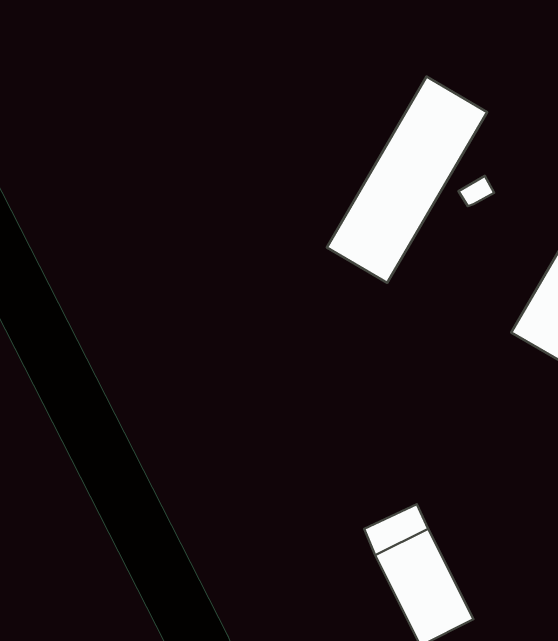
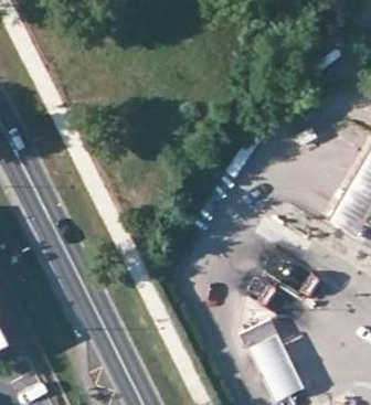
building: [327,76,487,283] -> none

